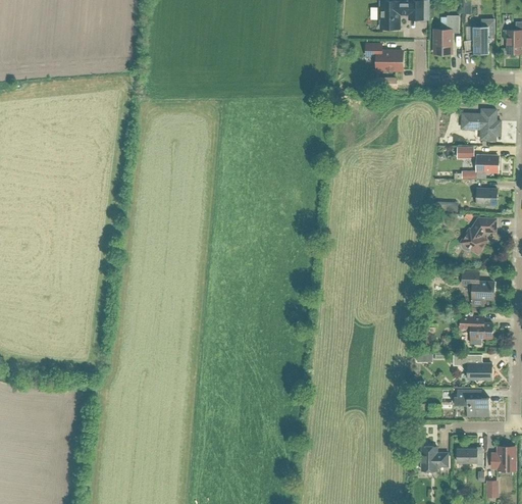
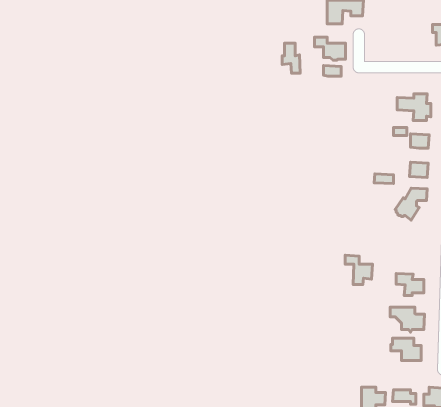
building: [432,15,458,54] -> none
building: [463,18,494,53] -> none
building: none -> [282,43,300,73]
building: [462,271,493,305] -> [345,255,373,284]

